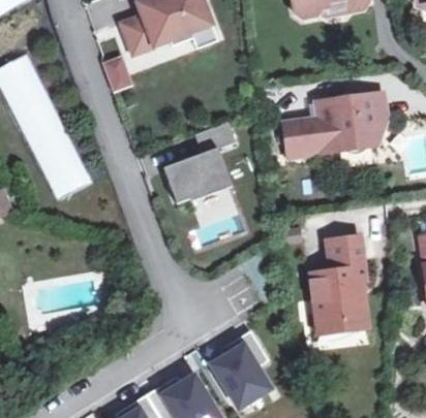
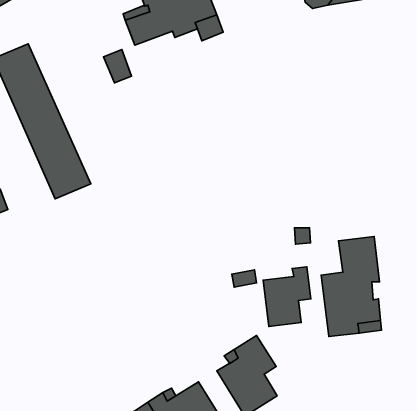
building: [283,93,386,158] -> none
building: [163,122,235,203] -> none
building: none -> [263,267,311,326]

